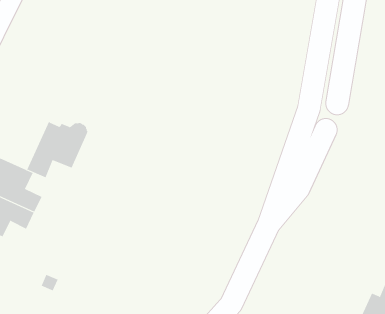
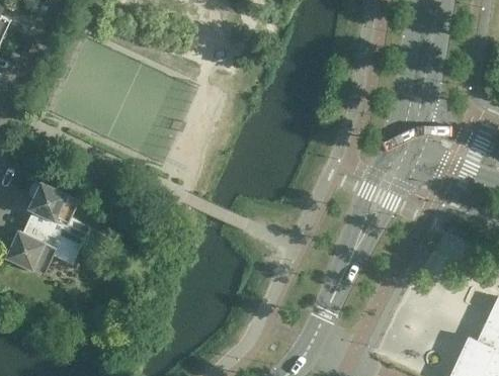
building: [26,121,88,178] -> none

